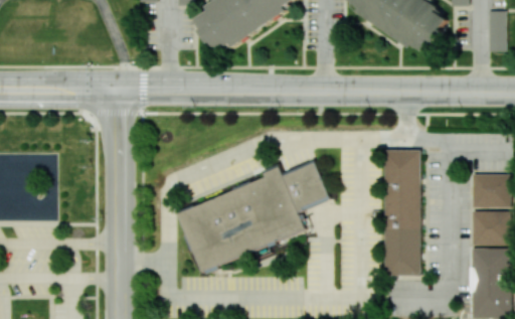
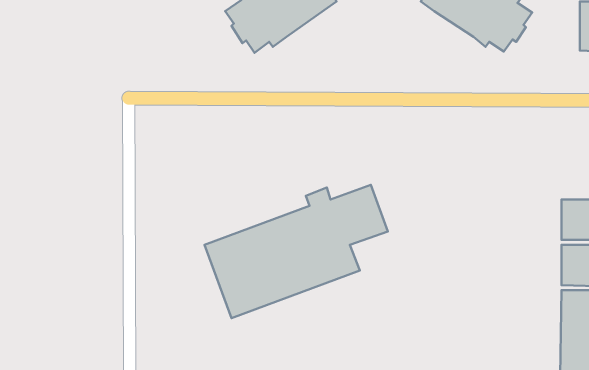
building: [383,150,419,276] -> none

